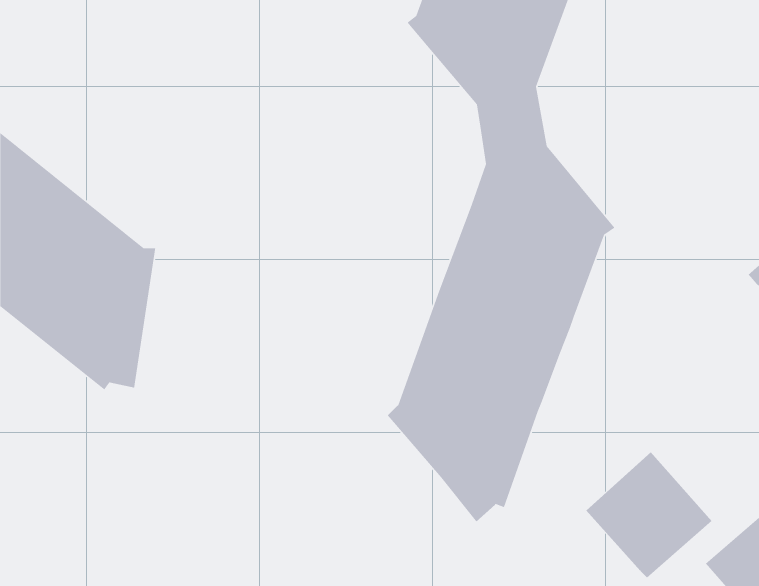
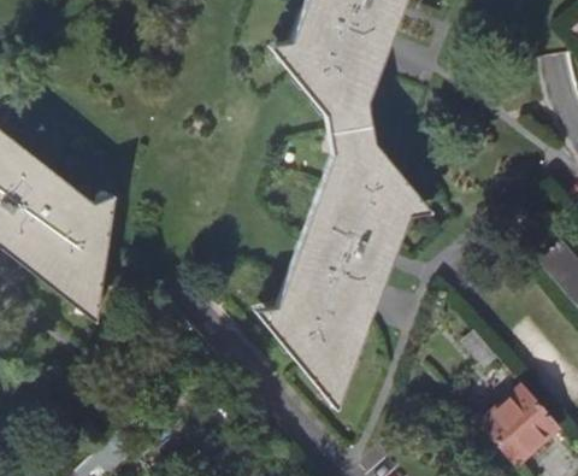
building: [586,452,712,578] -> none

